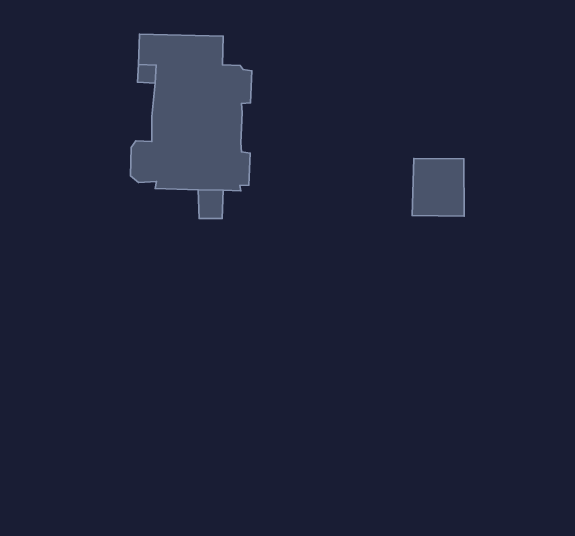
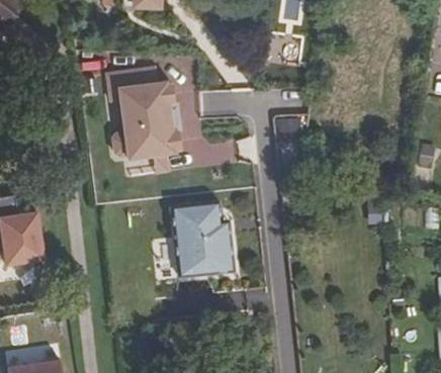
building: none -> [173,198,235,271]

